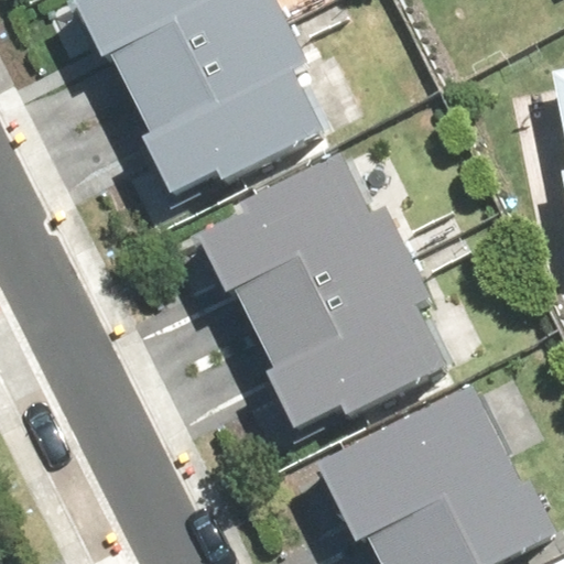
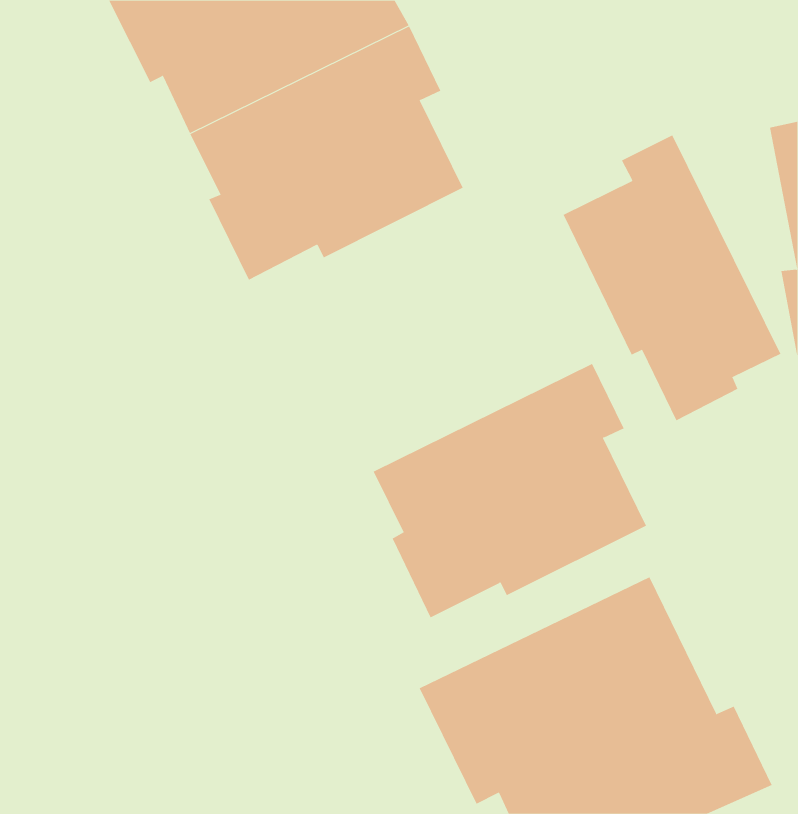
building: none -> [563,134,781,421]
building: [202,154,410,326] -> none

